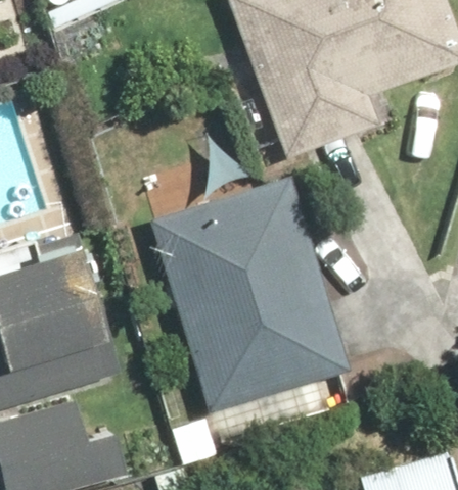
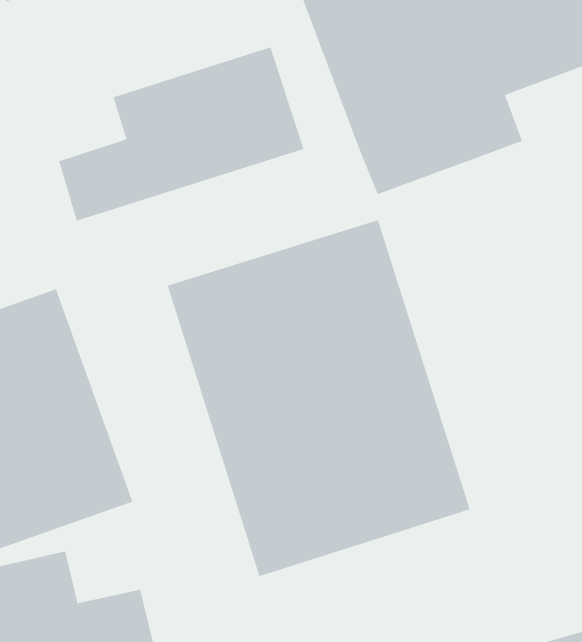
building: none -> [59,47,304,221]

